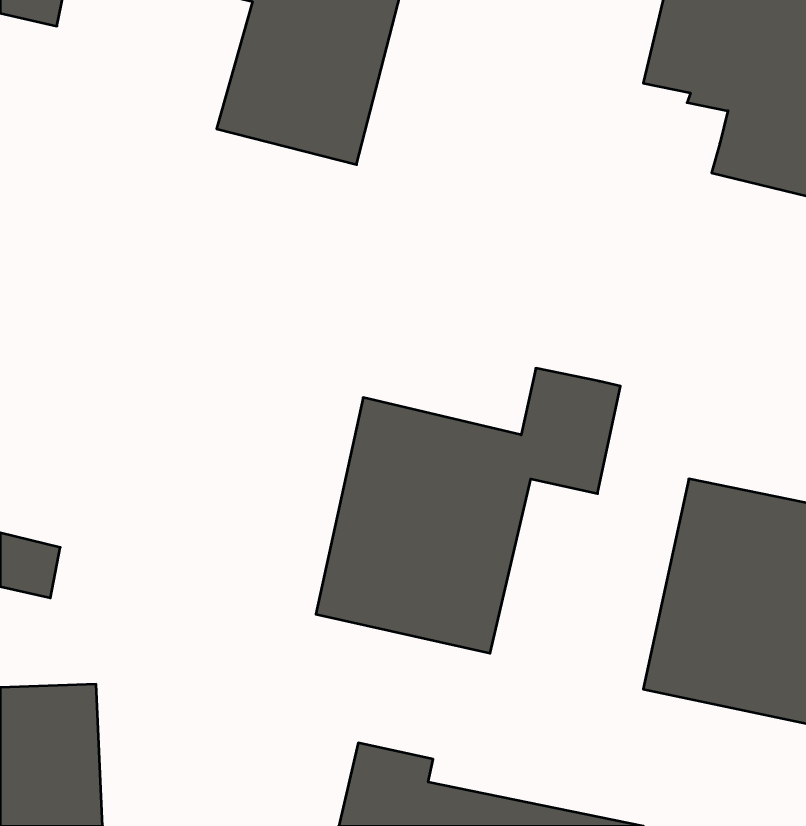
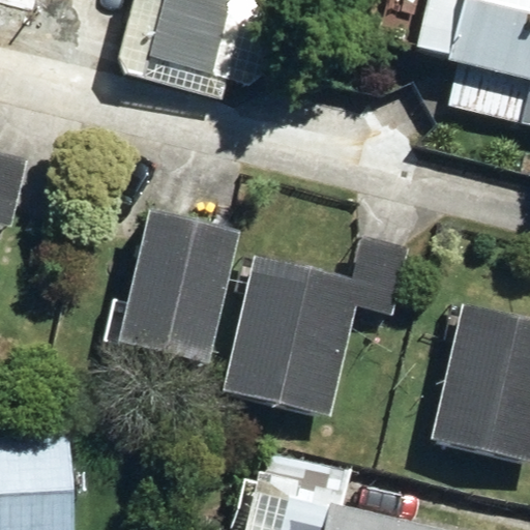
building: none -> [106,210,230,364]

